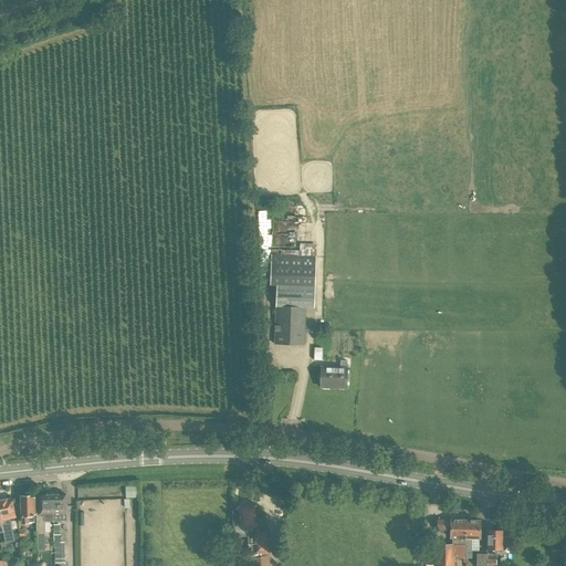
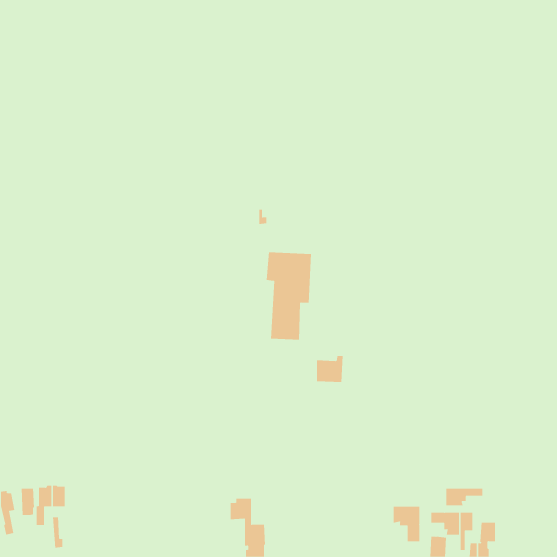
building: none -> [446,488,483,506]
building: none -> [393,506,420,542]

